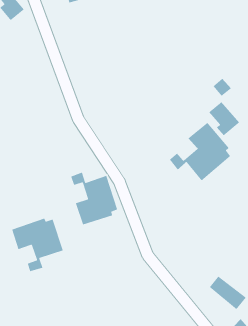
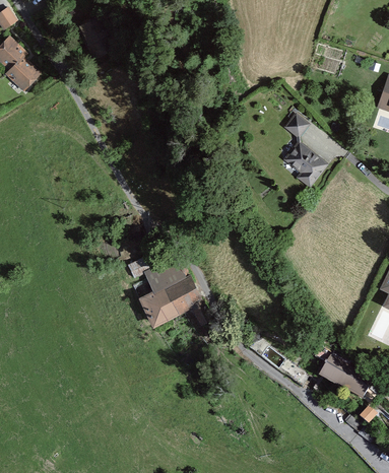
building: [169,122,231,181] -> none
building: [11,218,64,272] -> none

